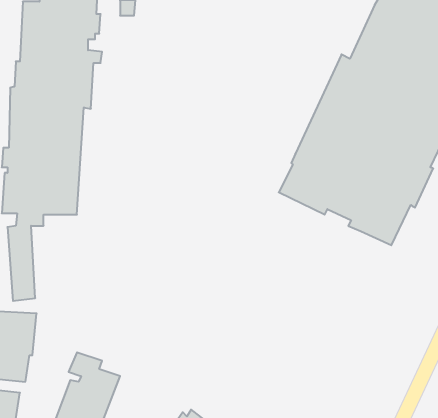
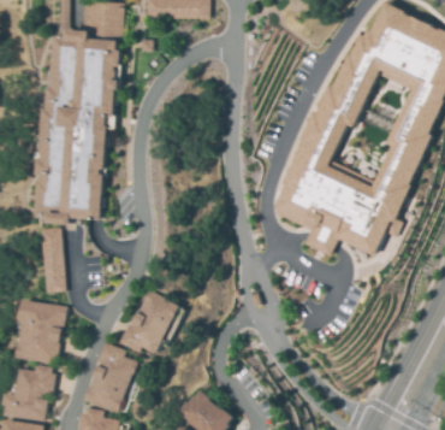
building: none -> [115,288,177,355]

